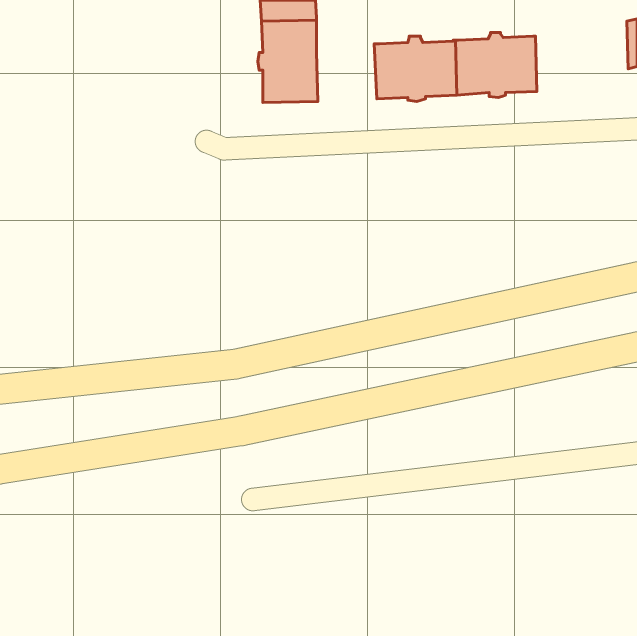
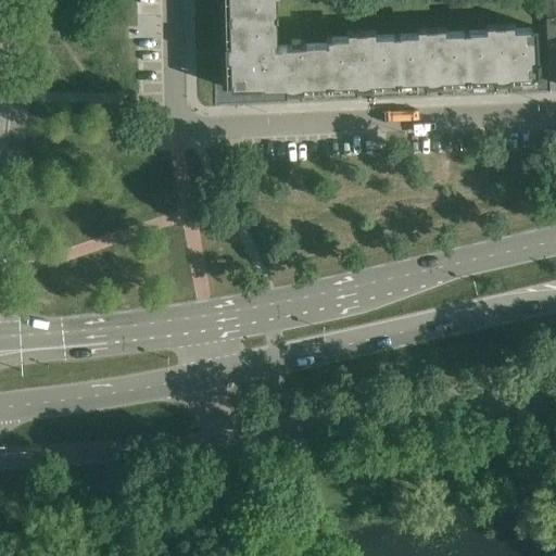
building: none -> [465,27,538,84]
building: none -> [275,41,327,94]

